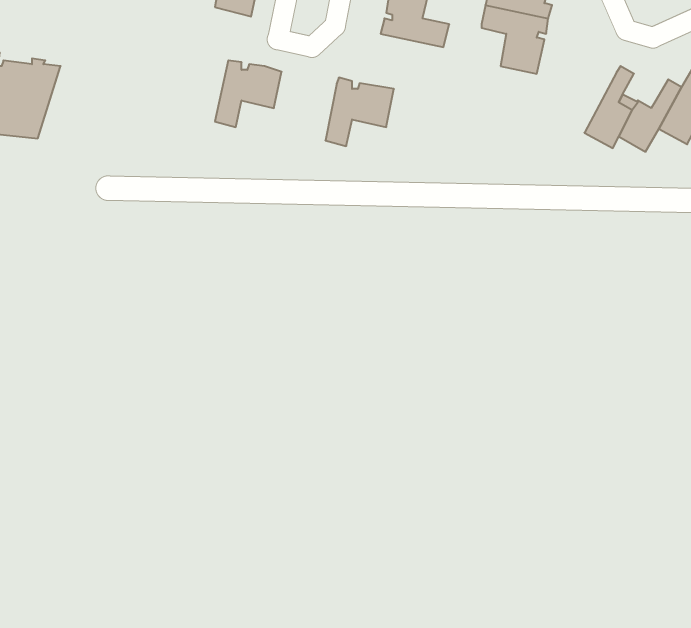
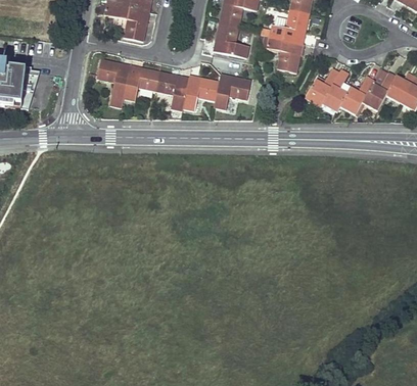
building: none -> [96,58,131,107]
building: none -> [305,67,339,107]
building: none -> [155,71,189,110]
building: none -> [214,74,251,109]

